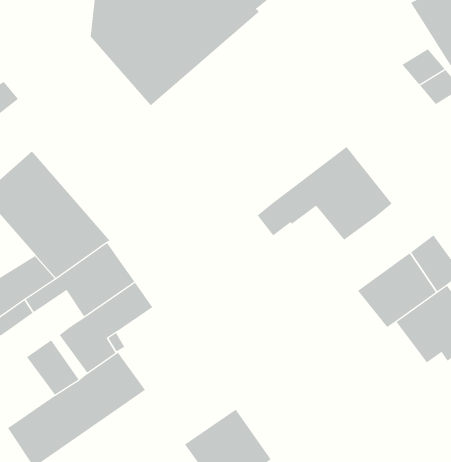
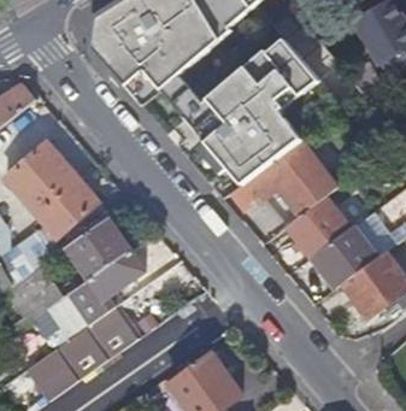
building: none -> [183,39,319,186]
building: none -> [286,196,349,257]

